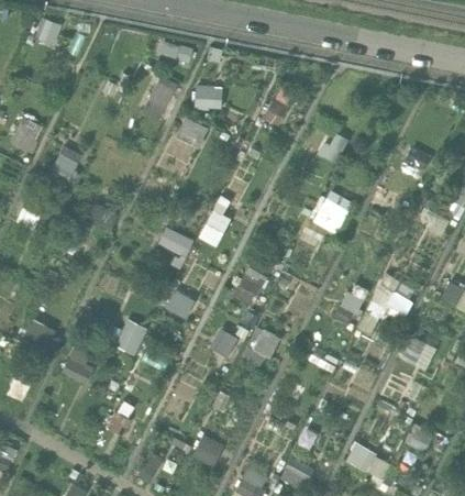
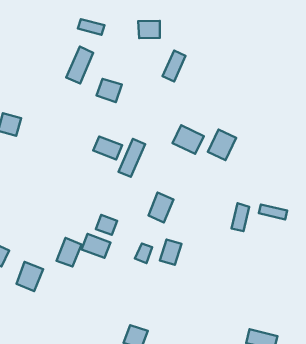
building: [195,86,222,109] -> [138,21,160,38]
building: none -> [172,125,204,154]
building: [156,227,193,257] -> [93,136,122,159]
building: none -> [82,234,110,258]

